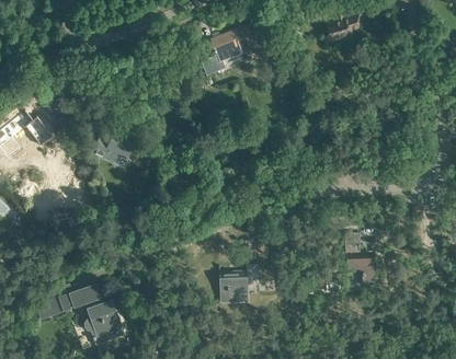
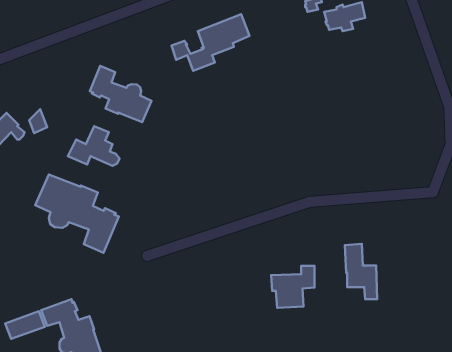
building: none -> [90,66,152,122]
building: none -> [35,174,119,253]
building: [217,265,257,303] -> [271,266,314,308]

